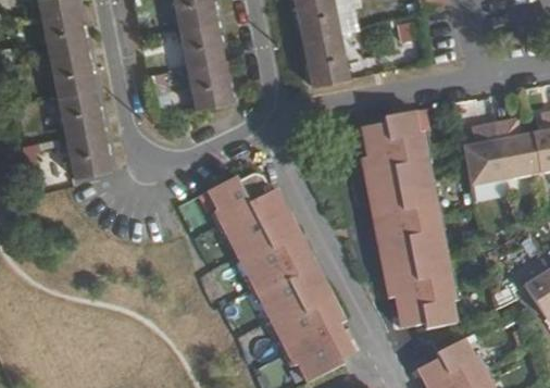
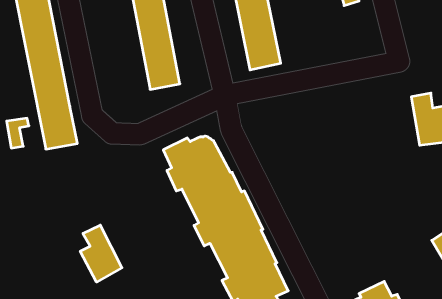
building: [366,107,464,324] -> none
building: [466,121,510,183] -> none
building: none -> [80,225,122,282]

